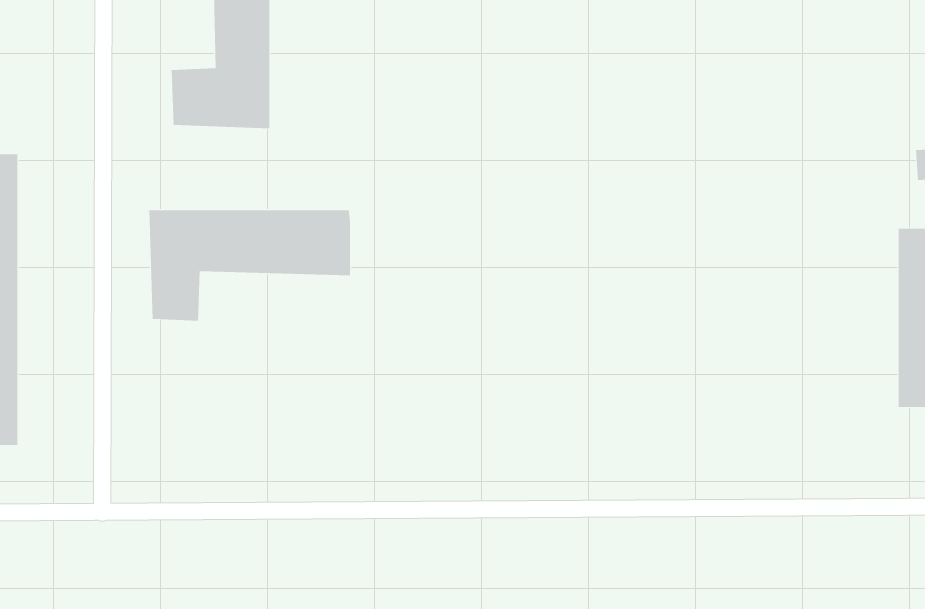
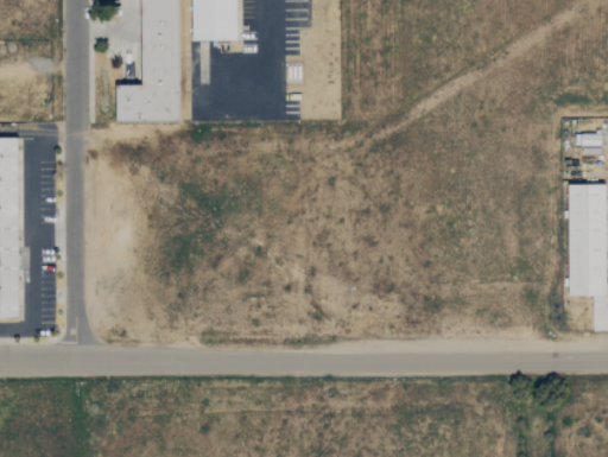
building: [149,209,351,322] -> none

